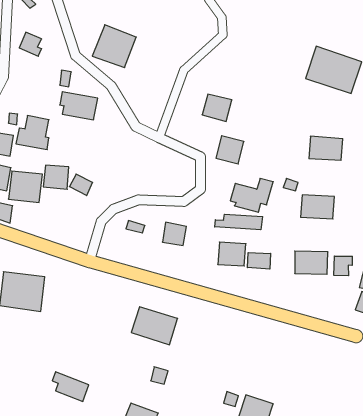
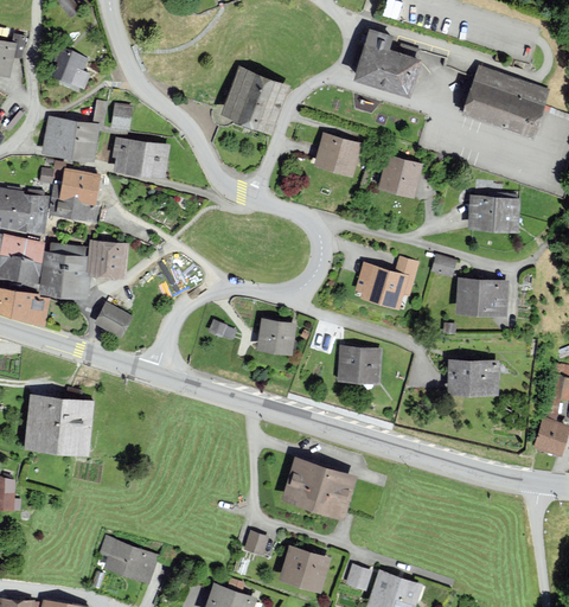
building: none -> [354,32,418,97]
building: [92,25,136,68] -> [222,71,284,133]
building: none -> [43,102,104,159]
building: [216,136,244,164] -> [379,158,420,198]
building: [69,174,93,196] -> [96,302,129,333]
building: [215,214,263,230] -> none
building: [247,253,271,269] -> none
building: [334,256,352,276] -> none
building: [131,307,178,345] -> [286,464,352,518]
building: none -> [280,545,332,588]

